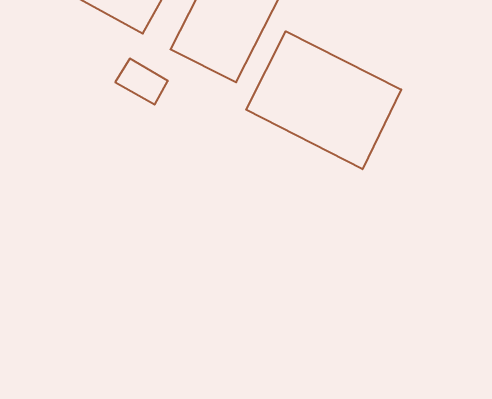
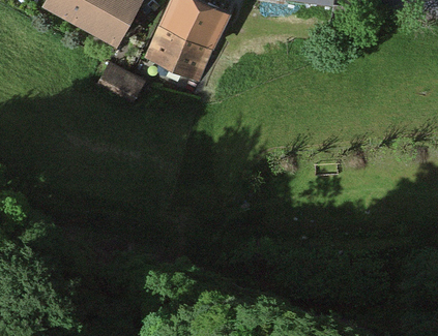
building: [246,31,401,169] -> none

